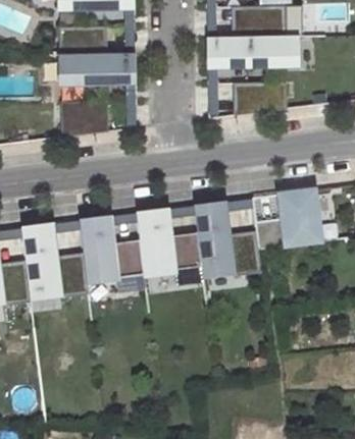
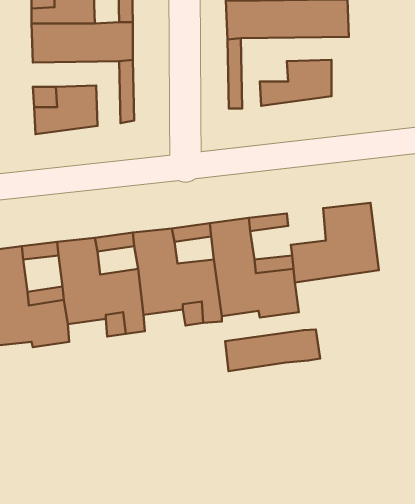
building: none -> [225,329,320,371]

